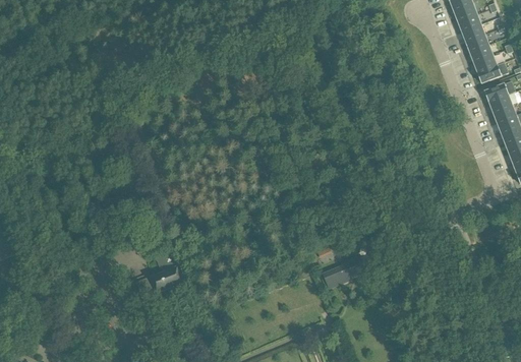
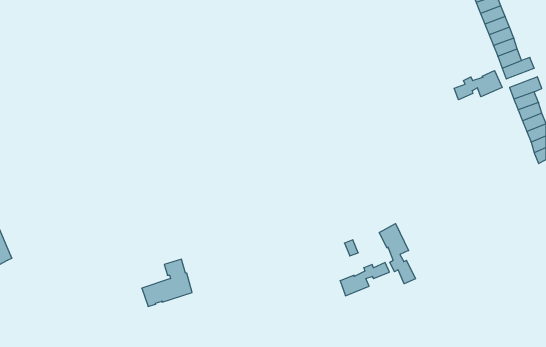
building: none -> [454,71,502,100]
building: none -> [379,224,415,284]

